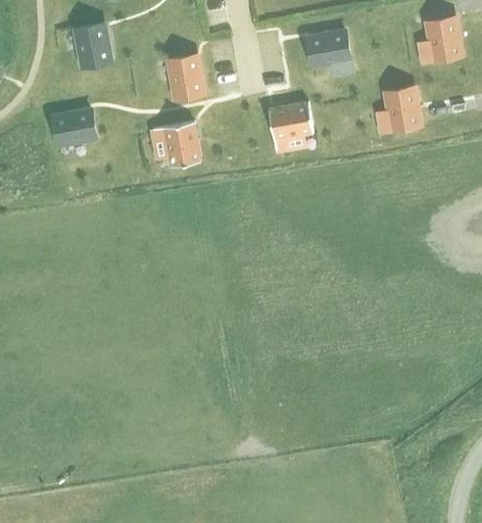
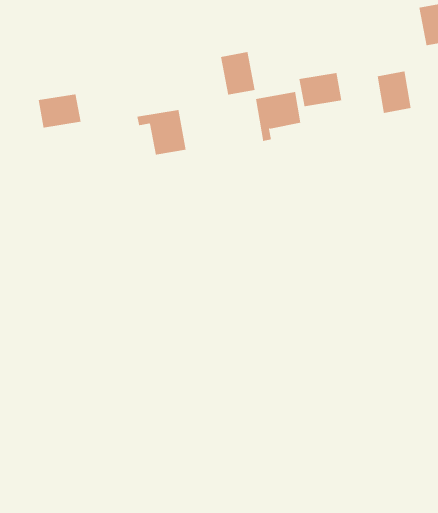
building: [76,23,110,65] -> none
building: [307,31,350,64] -> [299,72,342,107]
building: [168,54,203,97] -> [220,52,256,95]

